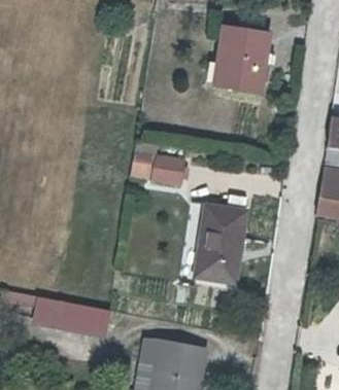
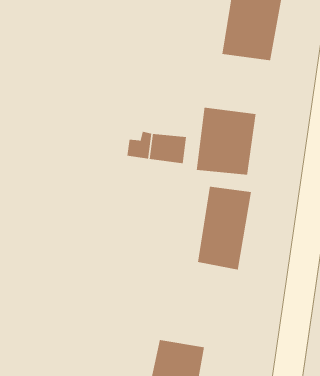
building: none -> [196,107,256,175]
building: [32,296,108,334] -> none

